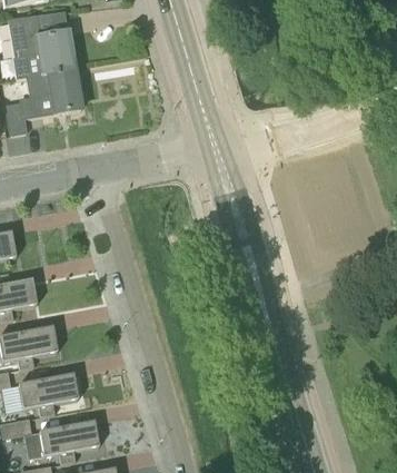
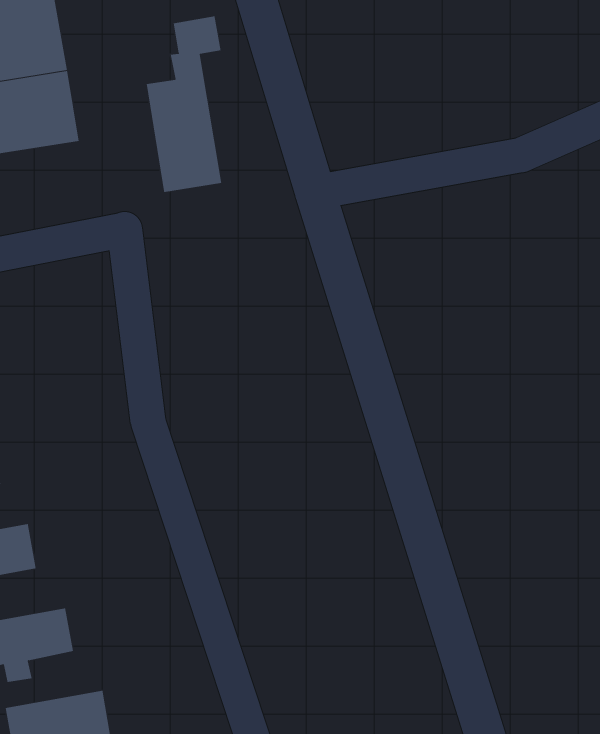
building: none -> [146,15,222,193]

